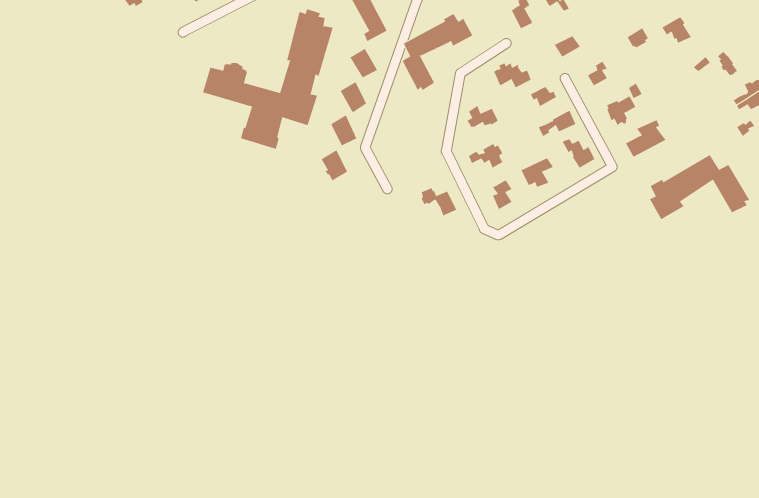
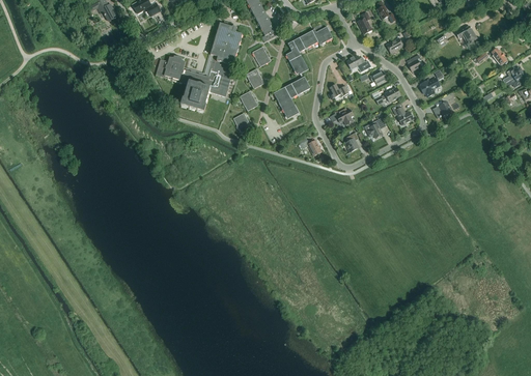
building: none -> [274,77,310,119]
building: [649,154,750,220] -> none

